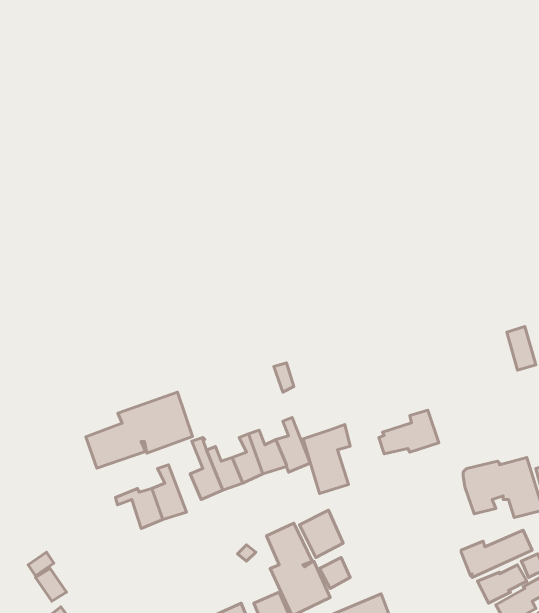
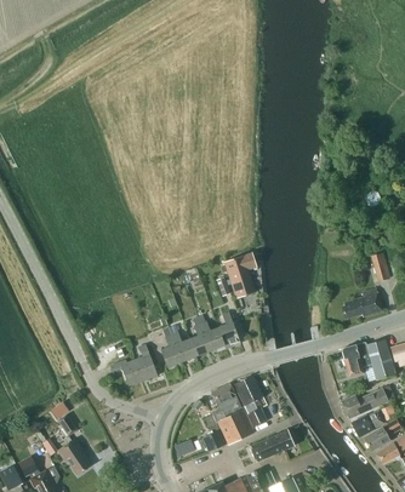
building: [86,392,192,468] -> none
building: [379,410,439,454] -> [342,288,382,317]
building: [303,424,350,493] -> [224,252,256,298]

